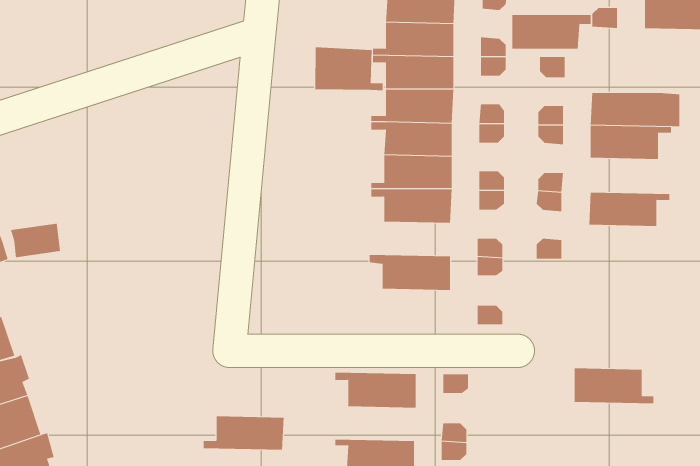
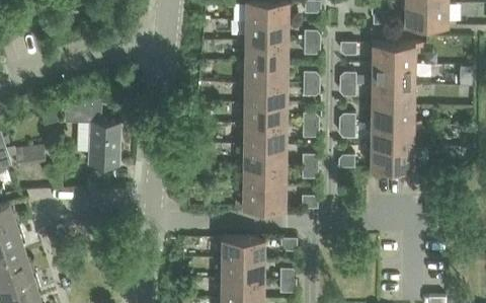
building: [511,15,592,49] -> [373,43,422,64]
building: [315,47,383,91] -> none
building: none -> [64,96,120,165]
building: none -> [372,104,421,127]
building: none -> [235,144,286,165]
building: none -> [235,185,286,208]
building: [574,368,654,404] -> [371,146,420,168]
building: [203,416,285,450] -> [214,258,264,280]

